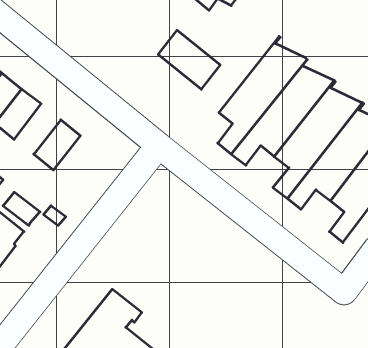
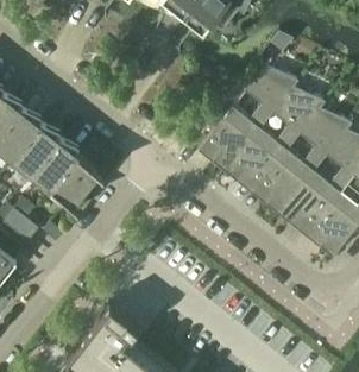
building: [158,30,220,89] -> none
building: none -> [14,124,59,172]
building: none -> [52,155,100,208]

